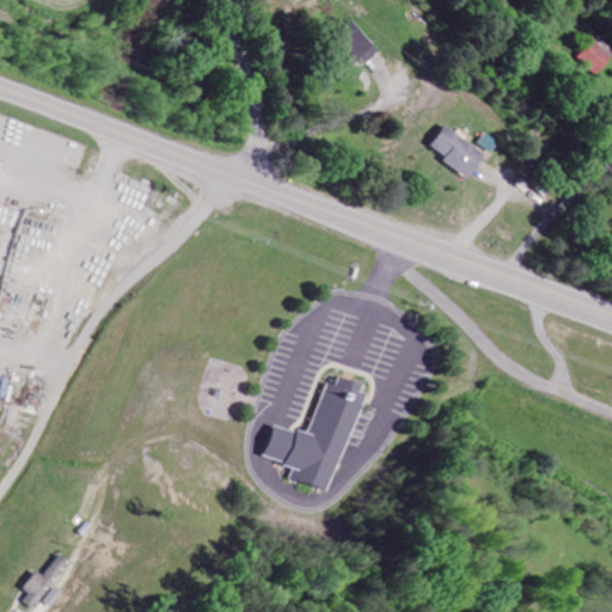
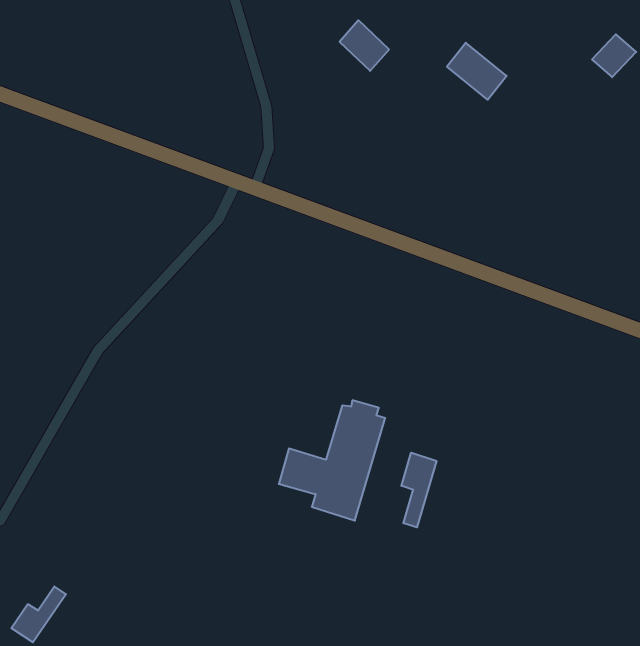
building: [418,123,475,177] -> [447,43,507,100]
building: none -> [401,453,437,527]

